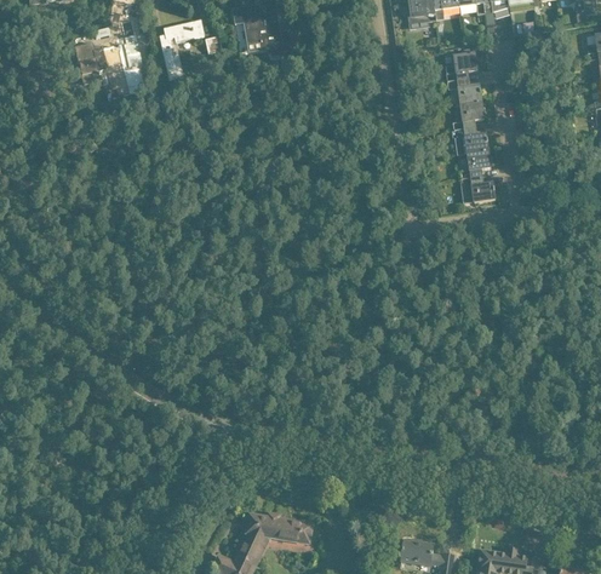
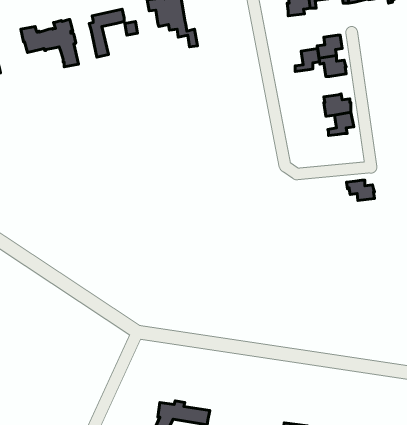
building: [454,101,485,130] -> [295,48,319,72]
building: [460,176,496,201] -> [346,180,374,200]

